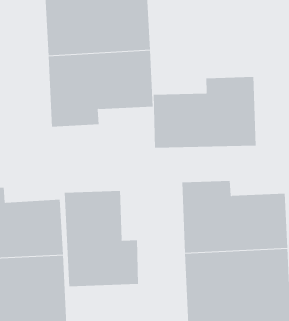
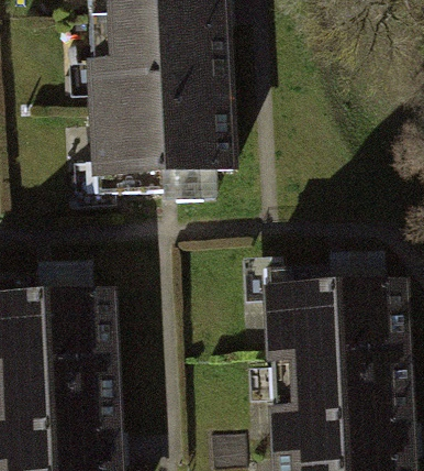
building: [153,76,256,148] -> none
building: [64,190,139,287] -> none

